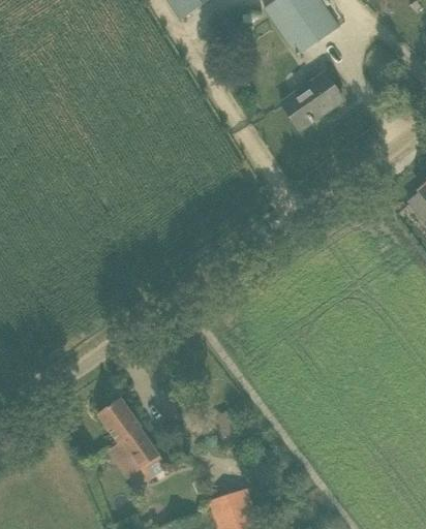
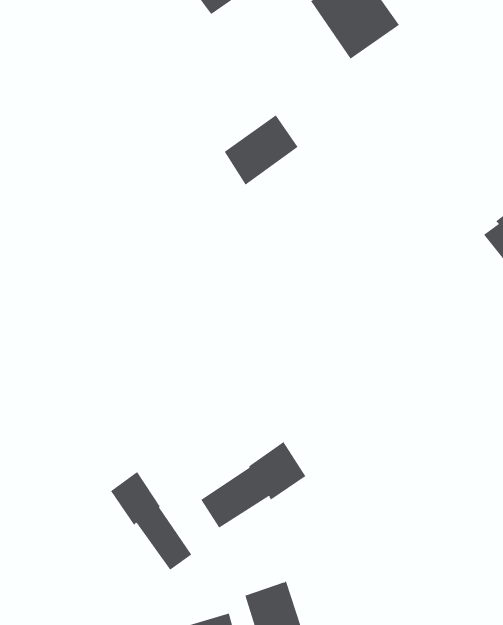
building: [281,72,343,131] -> [224,114,299,185]
building: none -> [201,441,306,528]

